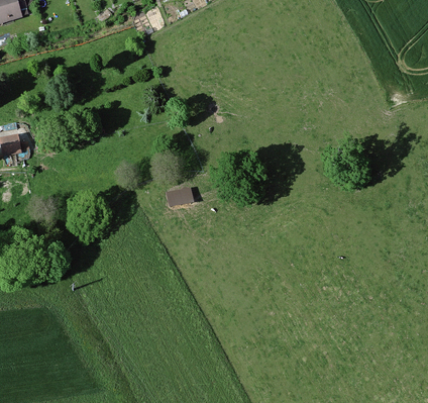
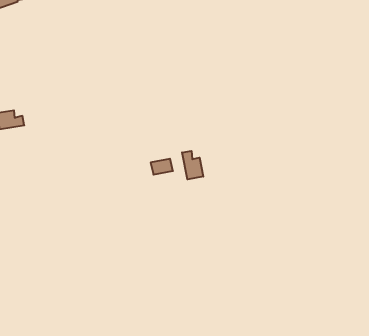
building: none -> [182,151,203,179]

